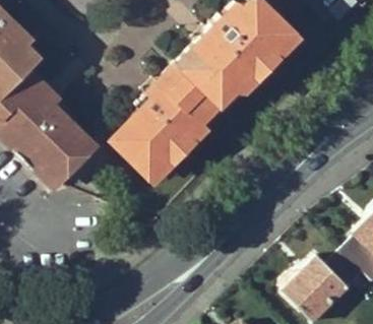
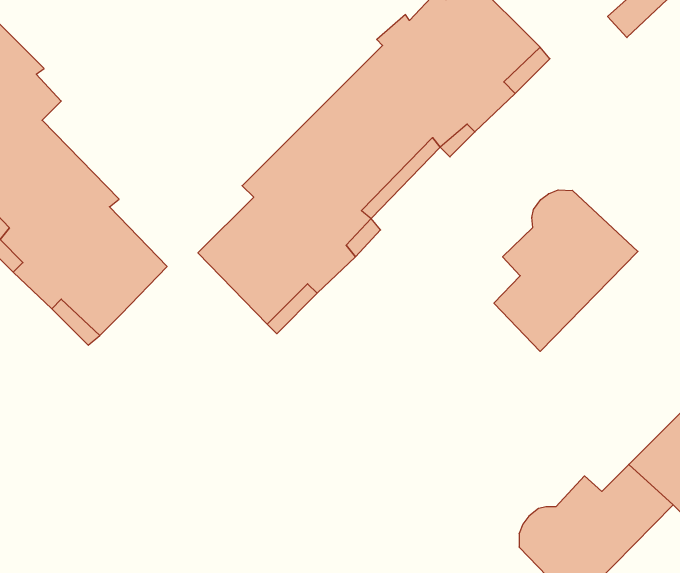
building: none -> [494,190,638,351]

